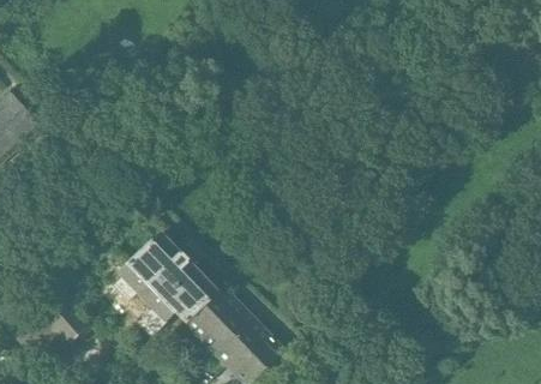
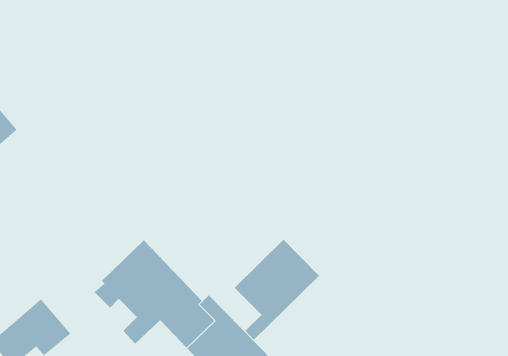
building: none -> [234,239,320,341]

